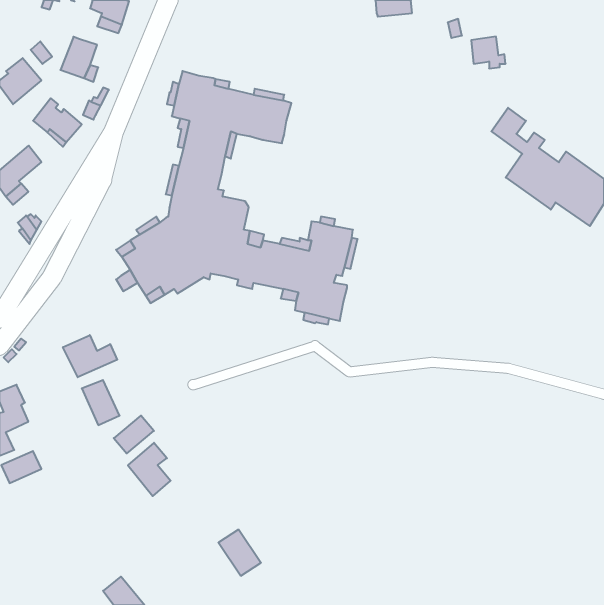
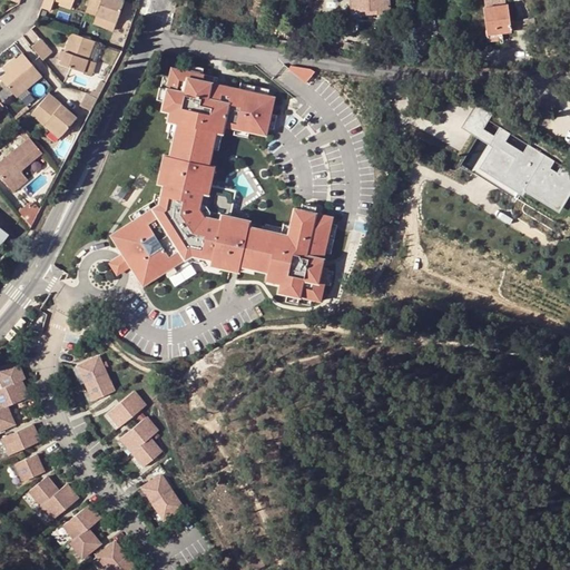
building: [471,37,506,68] -> [481,4,513,35]
building: [63,335,117,377] -> none
building: none -> [14,454,43,481]
building: none -> [29,476,77,519]
building: [218,530,261,576] -> [141,475,181,519]
building: none -> [62,504,99,557]

